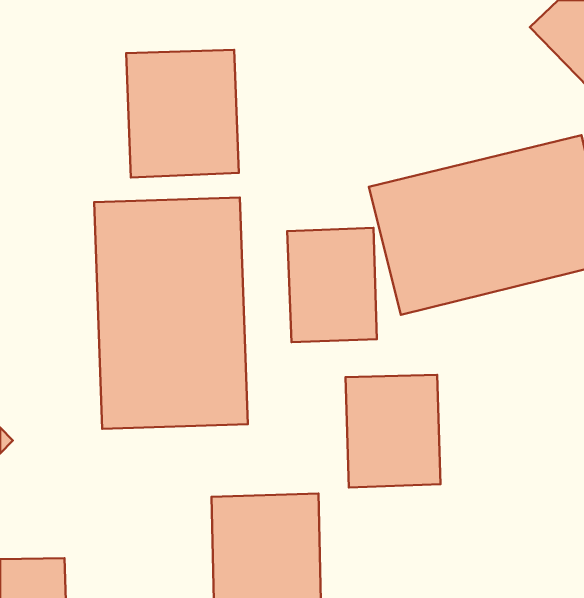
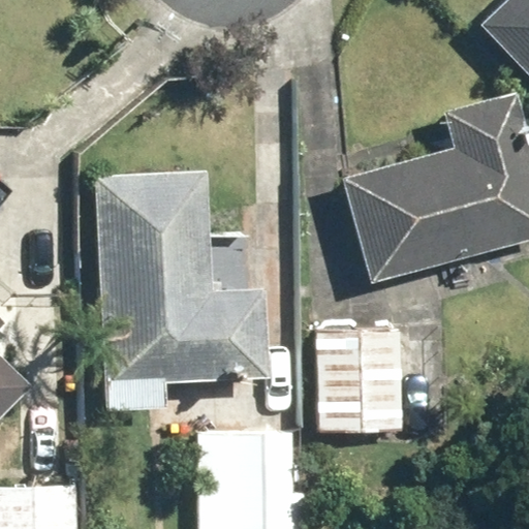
building: [126,50,239,177] -> none
building: [287,228,377,342] -> none

